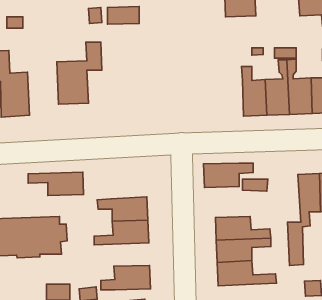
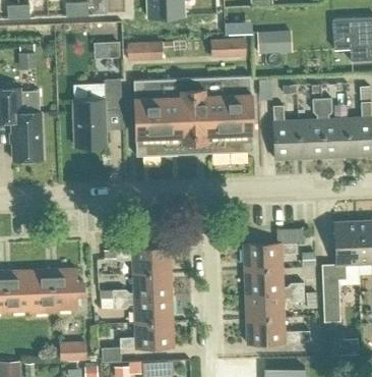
building: none -> [210,39,243,55]
building: none -> [133,75,254,156]
building: [204,163,253,187] -> [243,244,297,270]
building: [28,172,84,195] -> [113,298,173,323]

